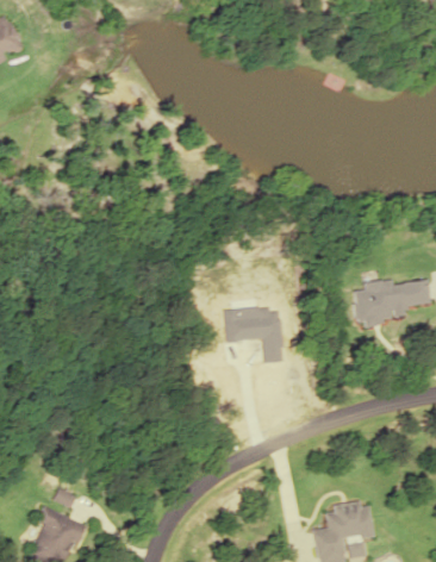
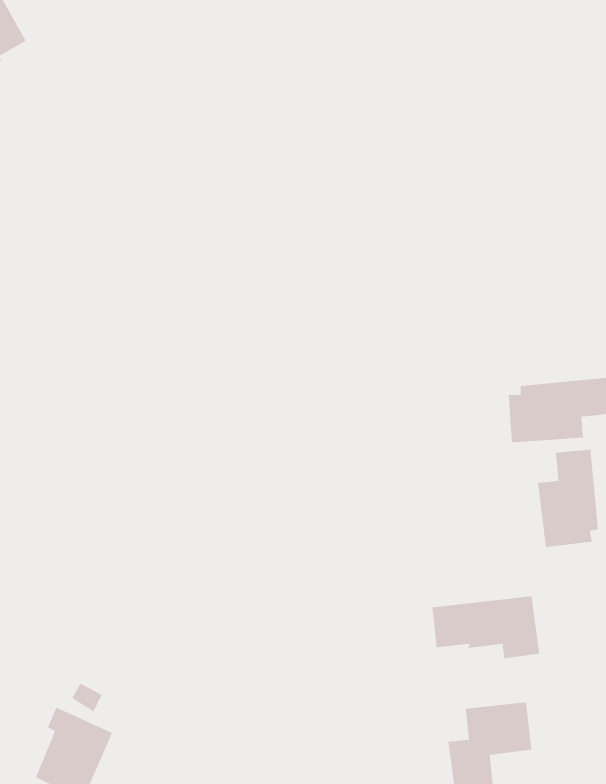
building: none -> [538,449,599,548]
building: none -> [432,596,540,659]

